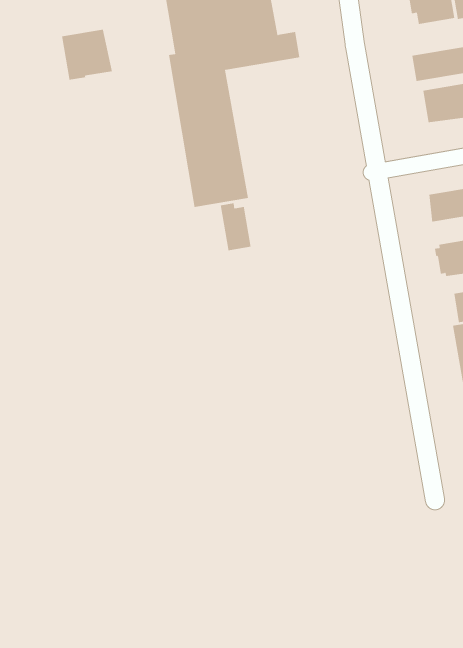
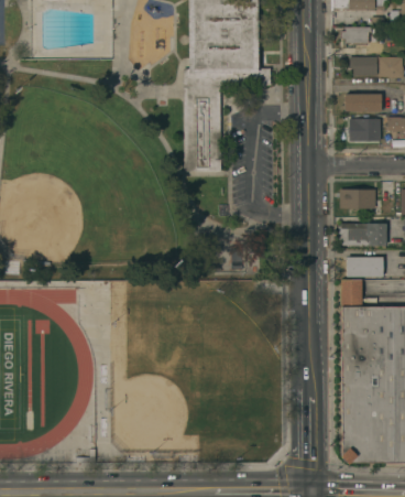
building: [62,29,113,81] -> none
building: [220,202,251,251] -> none

